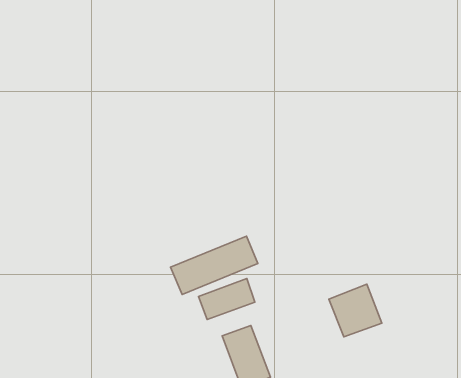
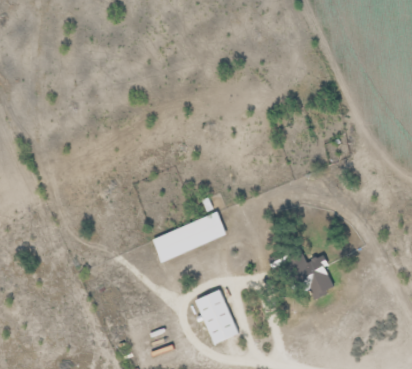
building: [198,279,255,319] -> none

